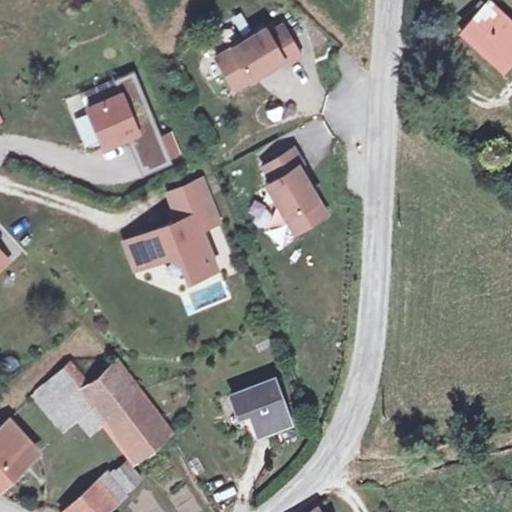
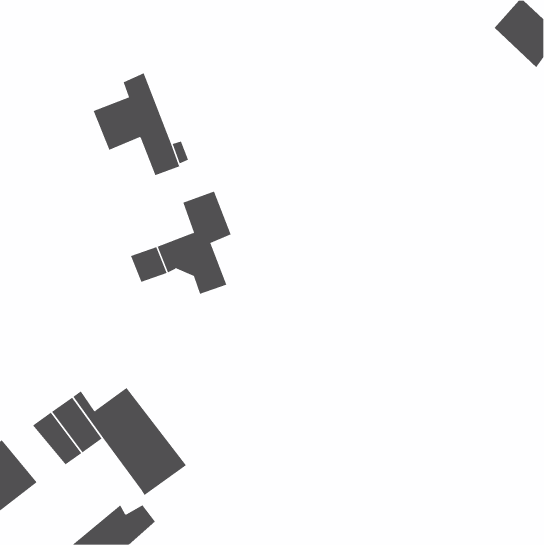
building: [213,31,297,93] -> none
building: [262,154,325,237] -> none
building: [234,379,292,437] -> none

